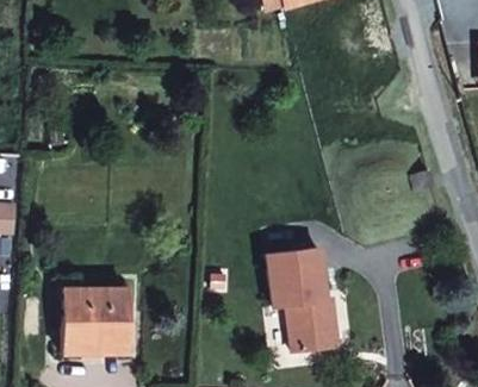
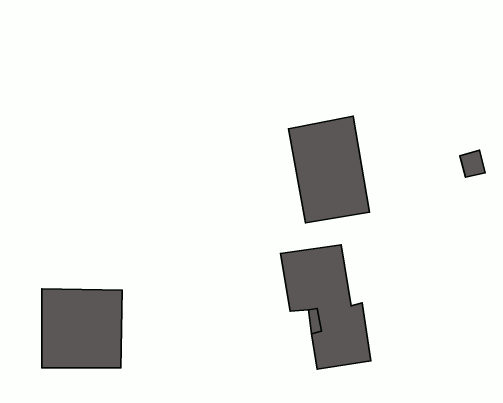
building: none -> [288,116,369,223]

